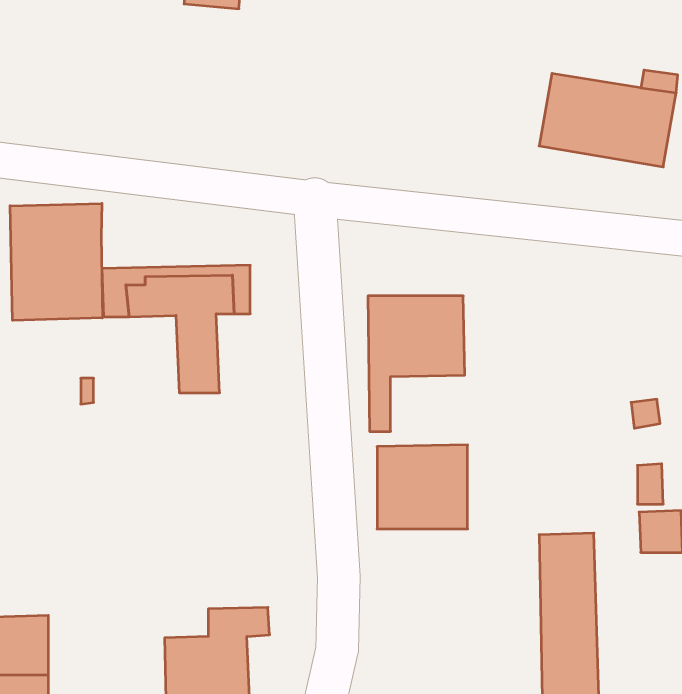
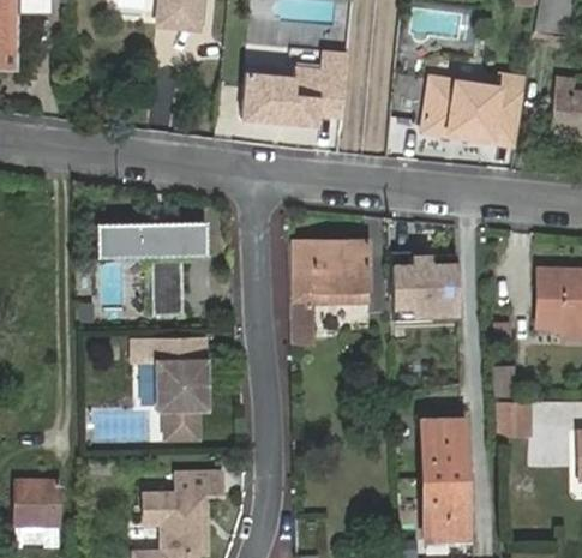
building: none -> [242,50,348,124]
building: [10,203,102,320] -> none
building: none -> [150,337,205,437]
building: [377,445,468,529] -> [389,253,456,316]

